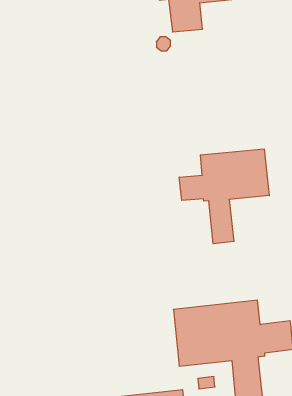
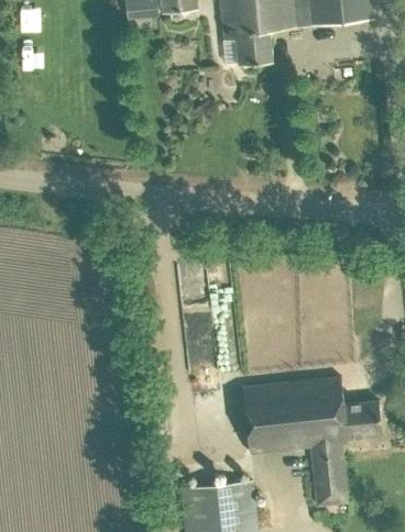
building: [179,149,269,244] -> none

